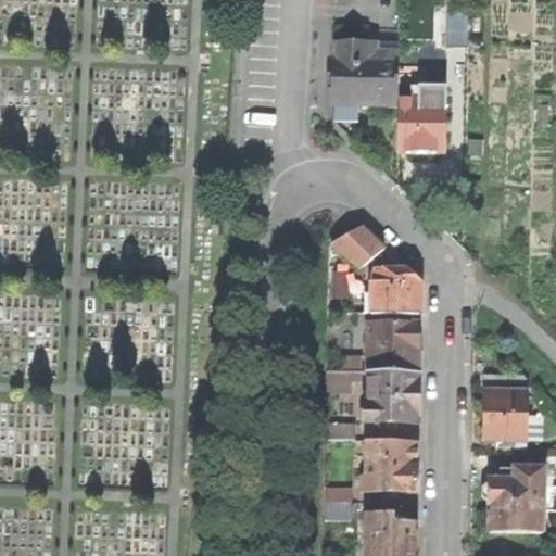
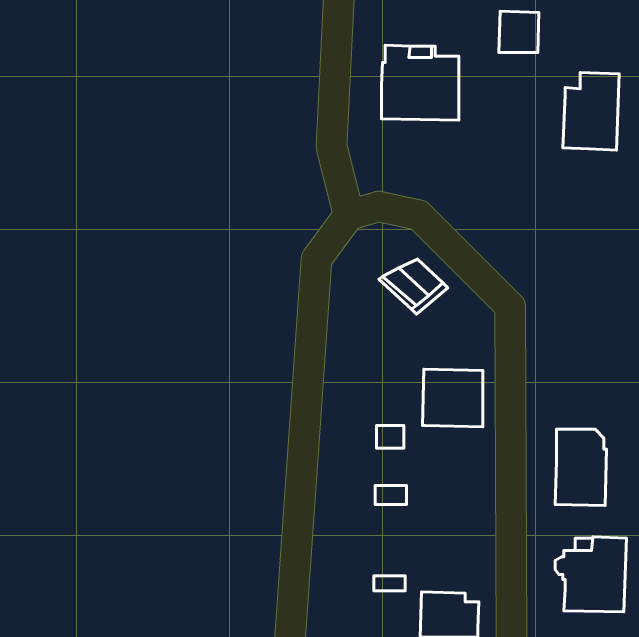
building: [396,85,445,152] -> [563,73,619,150]
building: [370,266,420,311] -> none
building: [364,369,419,420] -> none
building: [362,438,417,489] -> none

